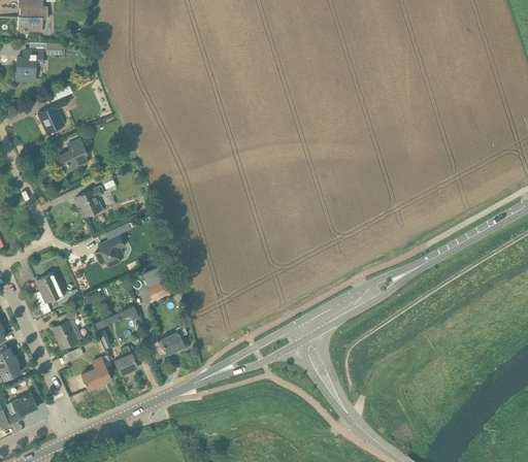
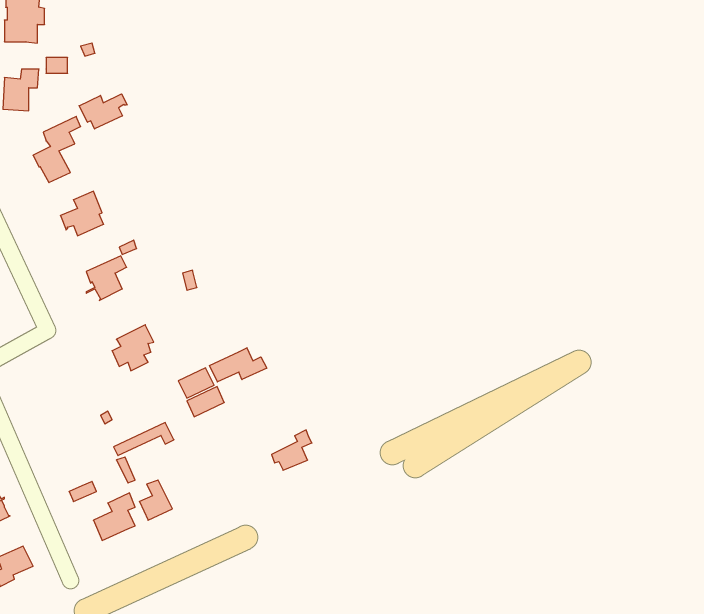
building: none -> [79,94,127,129]
building: none -> [210,348,267,382]
building: [35,272,64,312] -> none
building: [52,309,79,348] -> none
building: [159,324,188,353] -> [272,430,312,470]

